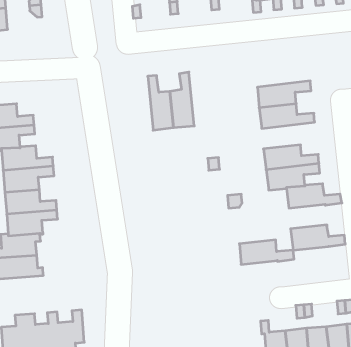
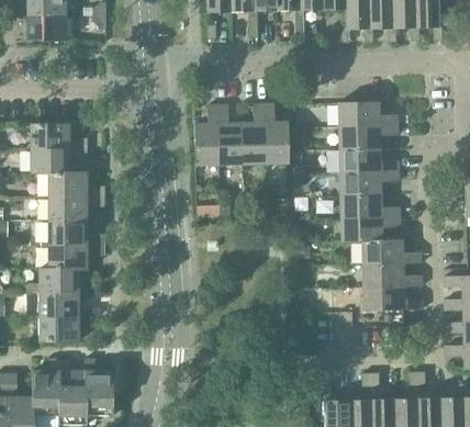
building: none -> [337,101,398,126]
building: none -> [264,103,289,164]
building: none -> [194,104,219,165]
building: none -> [339,170,399,195]
building: [239,240,294,264] -> [362,262,422,286]
building: none -> [40,316,83,341]

